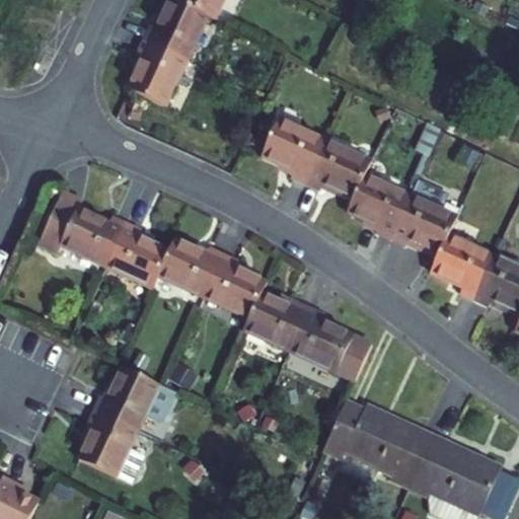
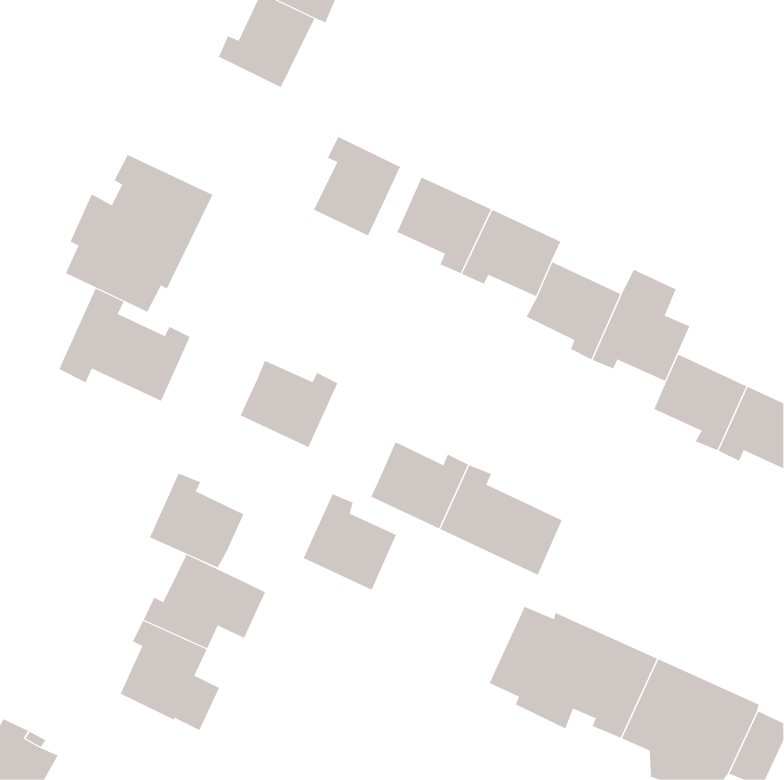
building: [128,38,186,103] -> [313,136,401,236]
building: none -> [65,154,213,312]
building: [106,222,169,285] -> [149,473,244,568]
building: [204,252,266,316] -> [303,493,397,590]

